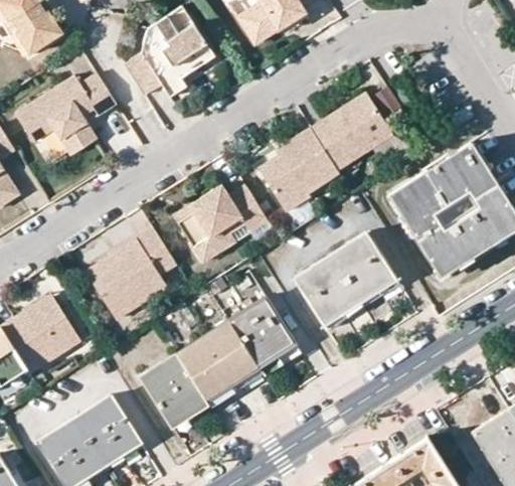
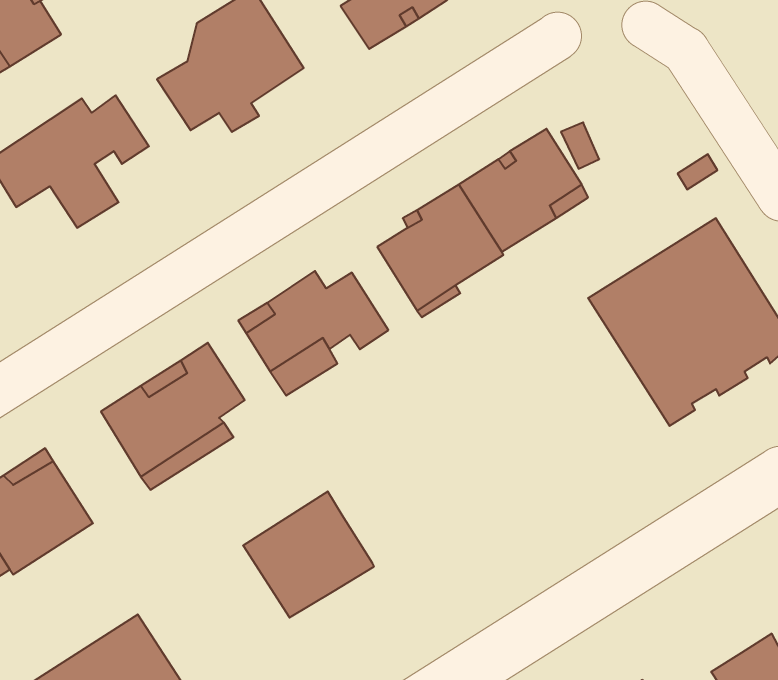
building: [296,235,398,328] -> none
building: [228,299,292,366] -> none
building: [142,355,204,424] -> none

